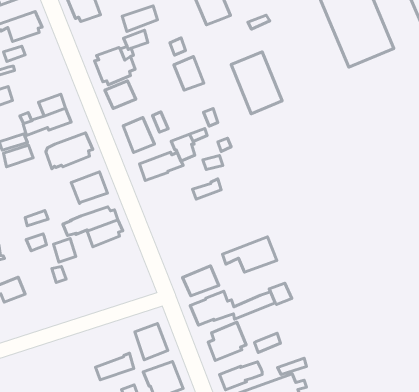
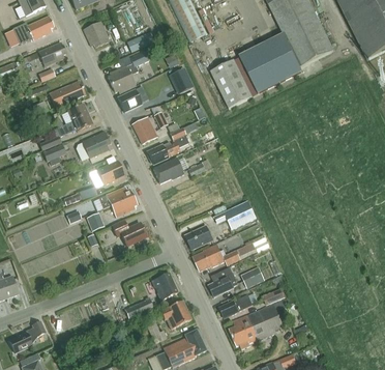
building: none -> [239,33,301,93]
building: none -> [49,80,86,107]
building: none -> [153,158,183,182]
building: none -> [112,220,146,246]

